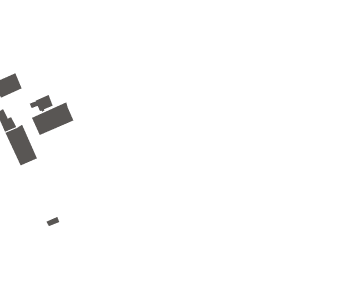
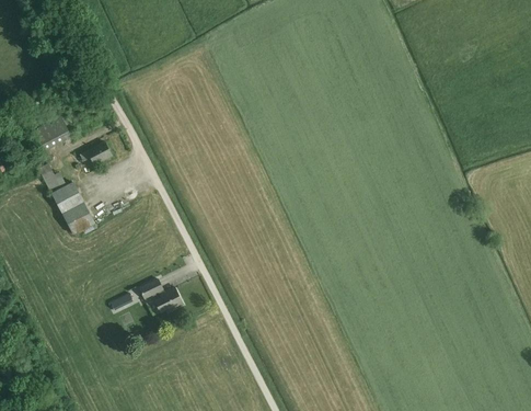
building: [31,102,74,136] -> none
building: none -> [139,279,183,312]

